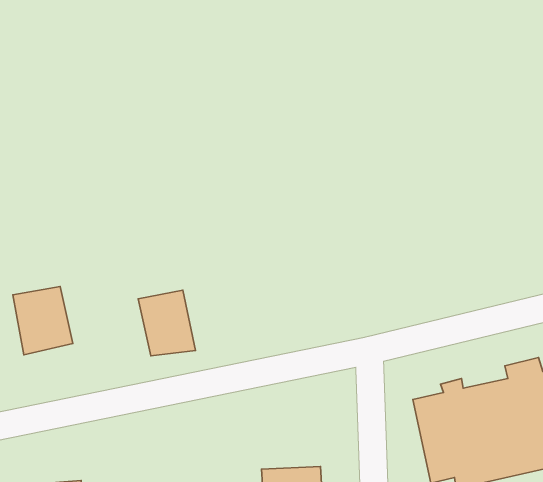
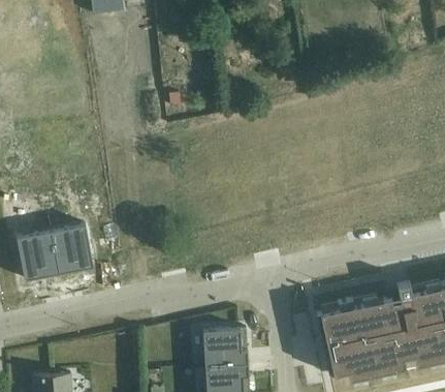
building: [138,290,195,356] -> [55,223,97,272]
building: none -> [201,328,247,365]

